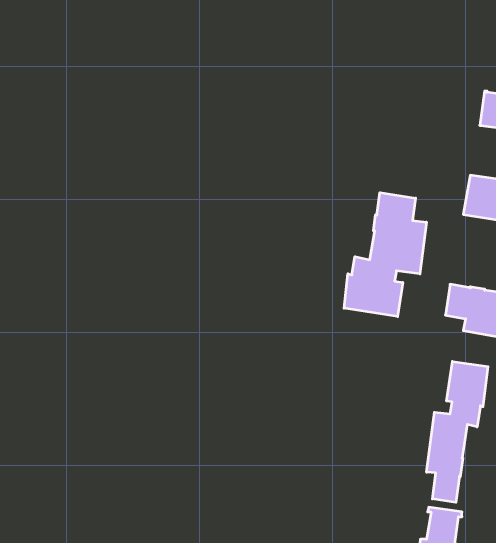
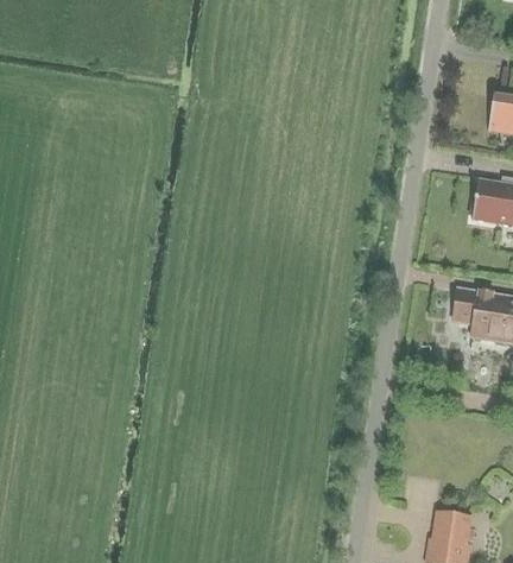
building: [344,193,426,317] -> none
building: [427,361,488,502] -> none

